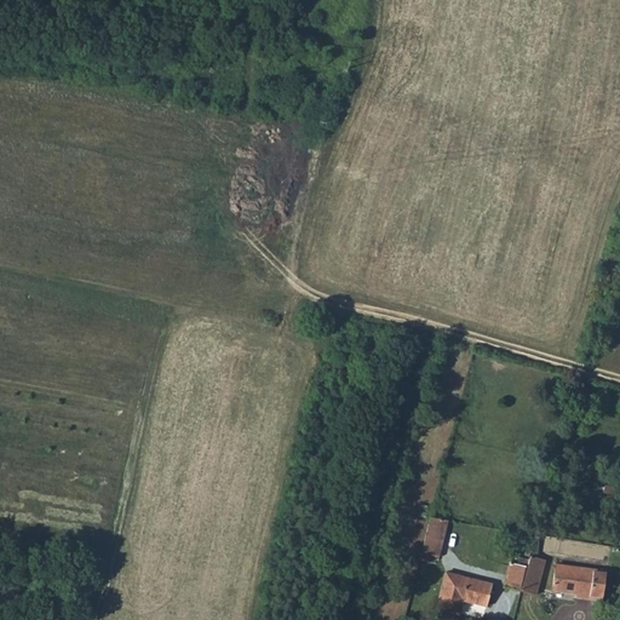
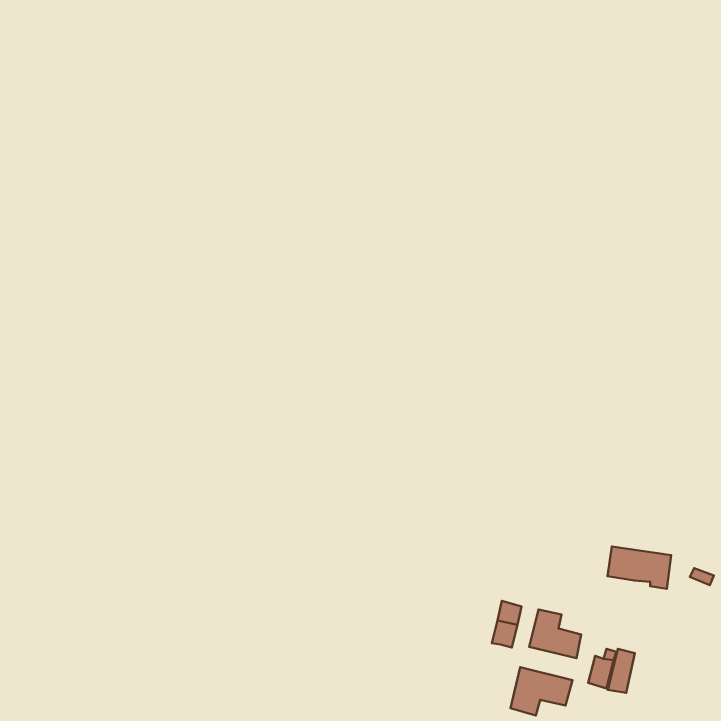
building: none -> [529,609,581,658]
building: [553,563,608,599] -> [608,547,671,589]

